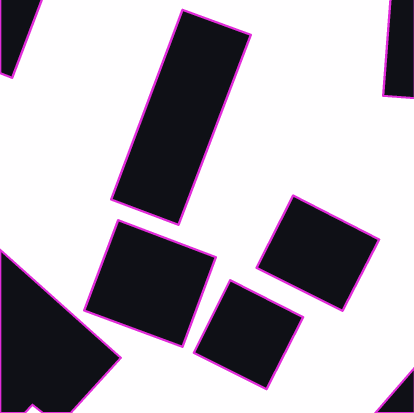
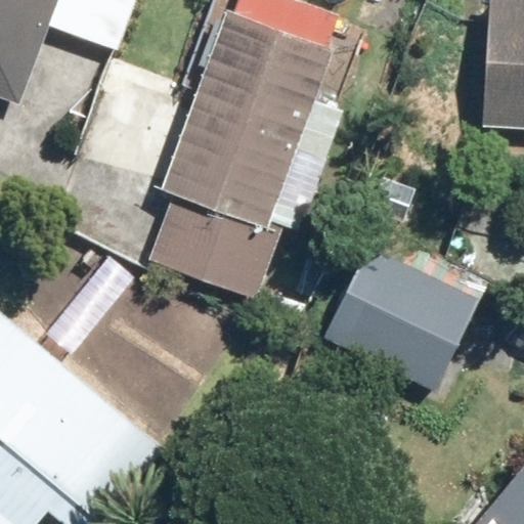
building: [84,220,216,347] -> none
building: [194,280,303,389] -> none

